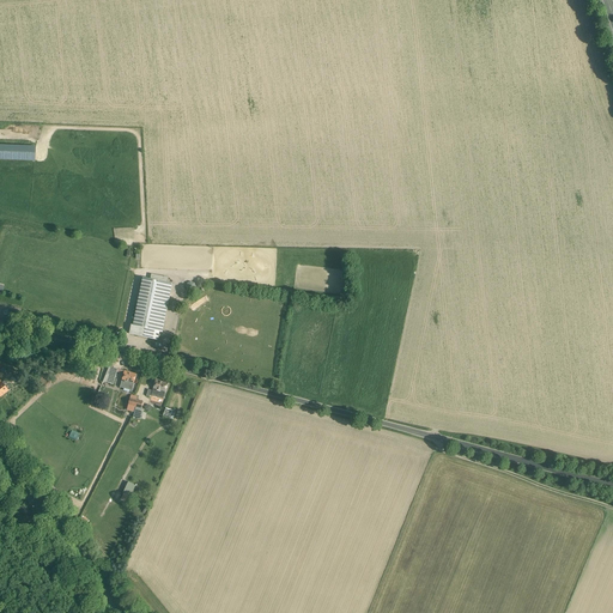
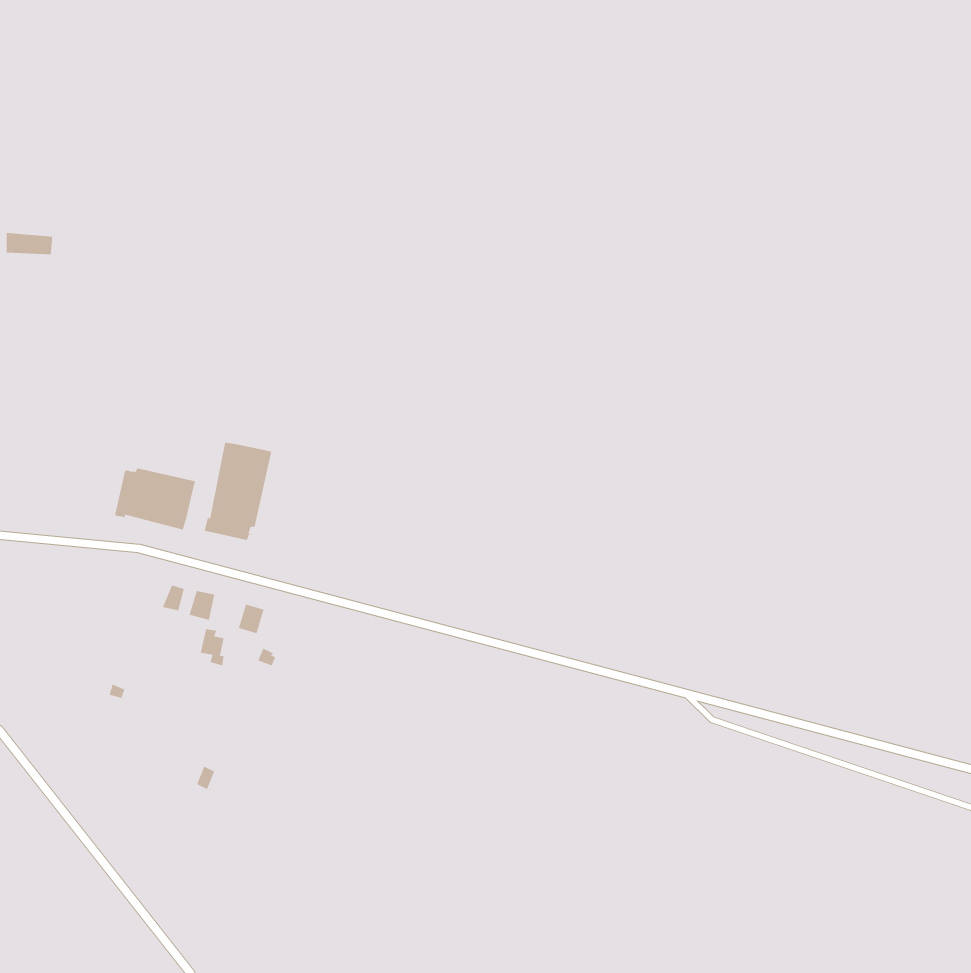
building: none -> [114,466,196,531]

